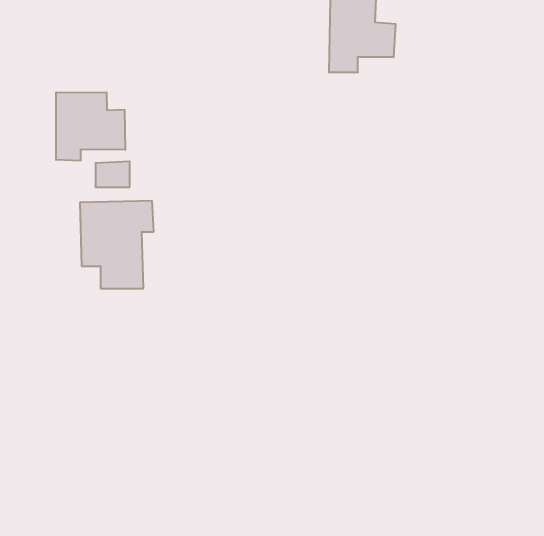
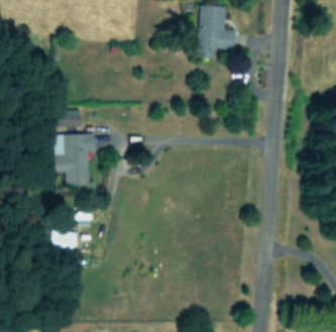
building: [56,92,125,161] -> none
building: none -> [47,228,78,251]

